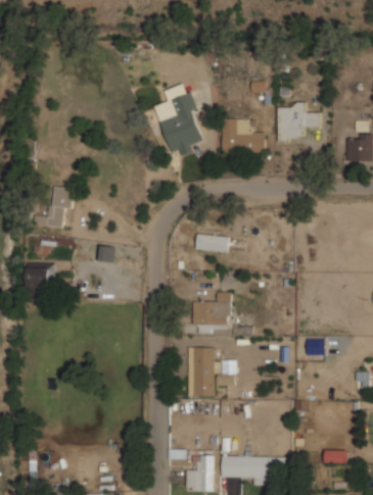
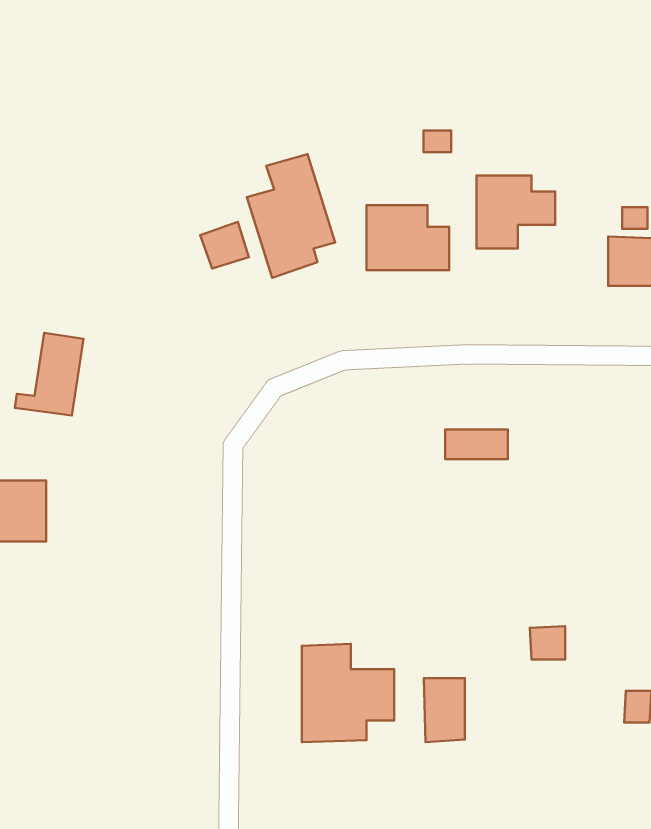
building: none -> [200,222,249,269]
building: [196,235,229,250] -> [445,430,508,459]
building: [192,292,230,328] -> none
building: none -> [424,678,465,742]

